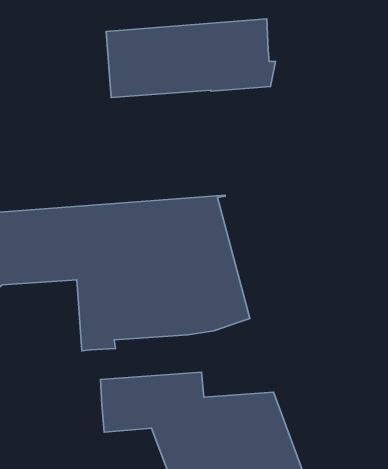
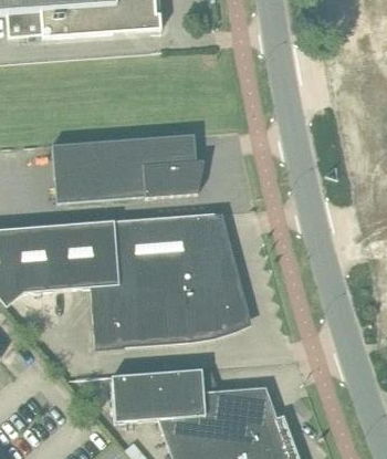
building: [106,19,276,98] -> [54,133,205,202]

